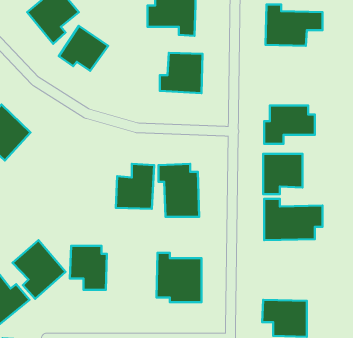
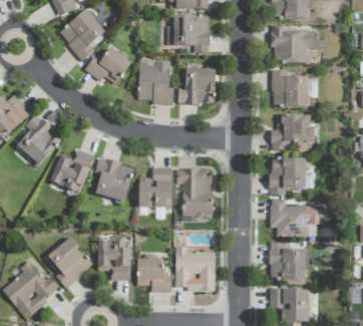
building: none -> [138,59,172,105]
building: none -> [272,69,308,106]
building: none -> [50,149,94,193]
building: none -> [95,158,133,202]
building: none -> [269,243,305,279]
building: none -> [136,258,171,292]

